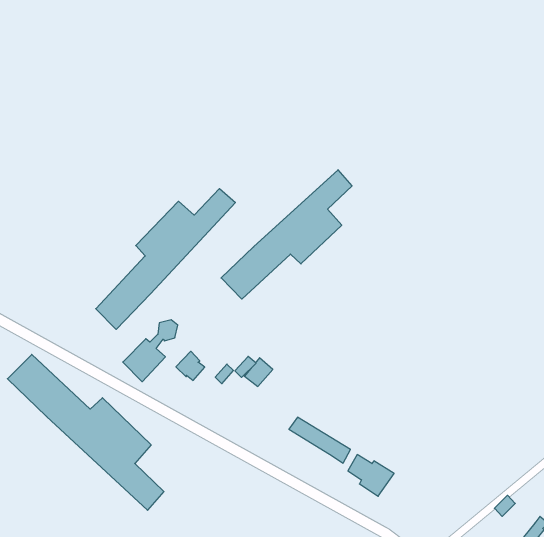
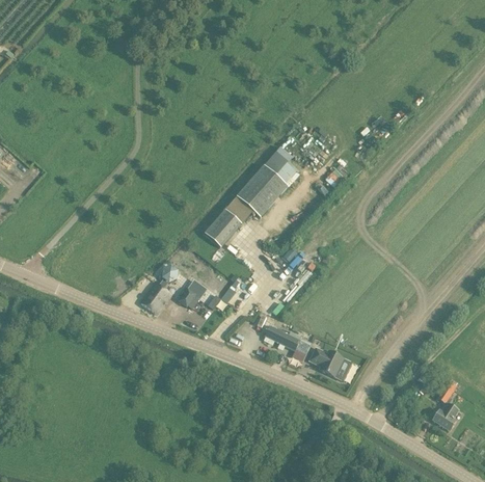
building: [96,189,235,329] -> none
building: [7,354,164,510] -> none

